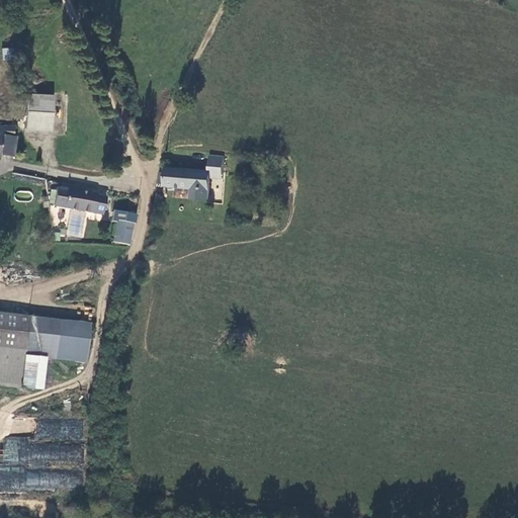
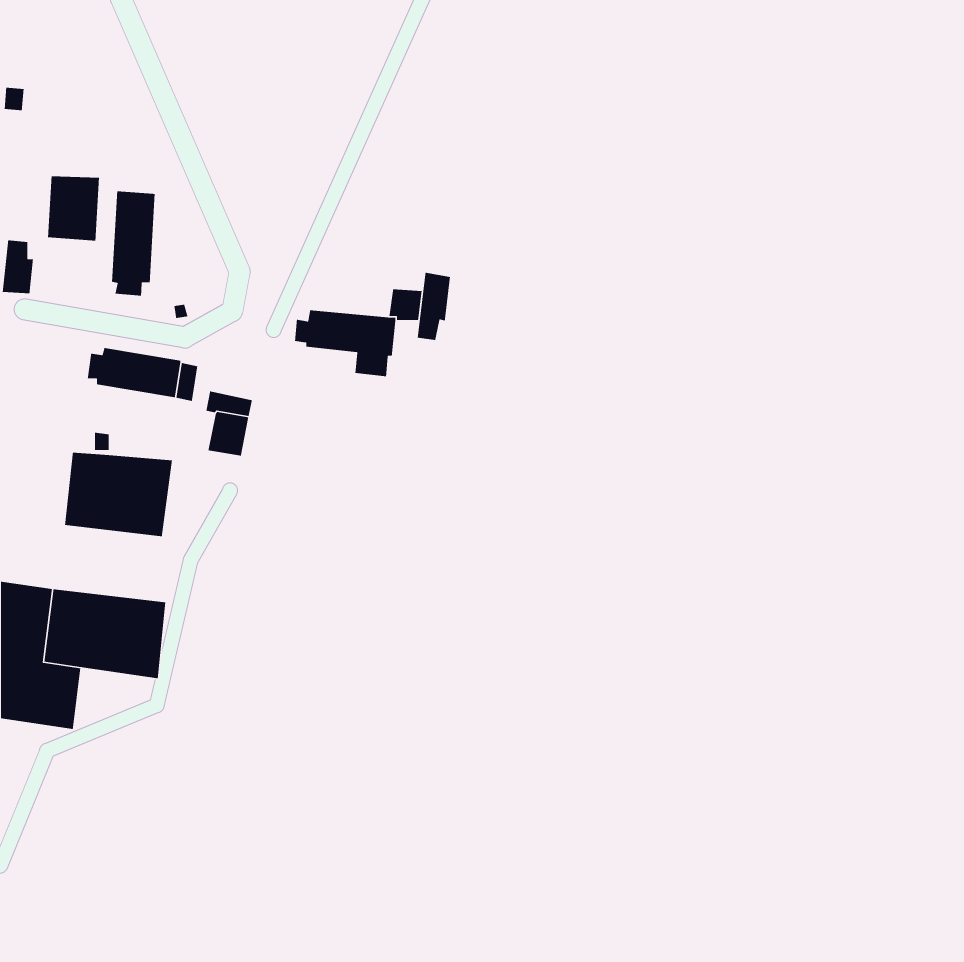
building: none -> [111,191,155,296]
building: none -> [417,272,451,341]
building: none -> [64,452,173,537]

